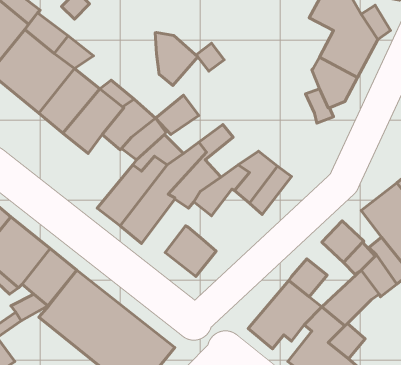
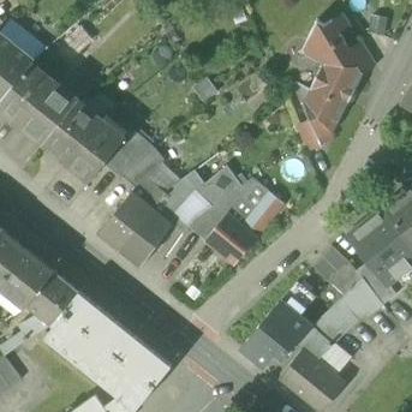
building: [155,32,198,85] -> none
building: [156,95,199,135] -> [201,166,241,203]
building: [165,226,216,276] -> [207,215,255,263]

